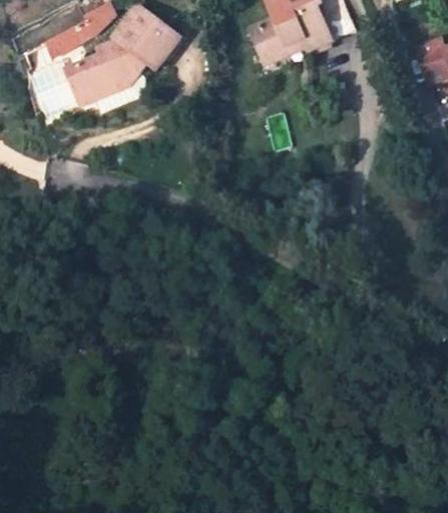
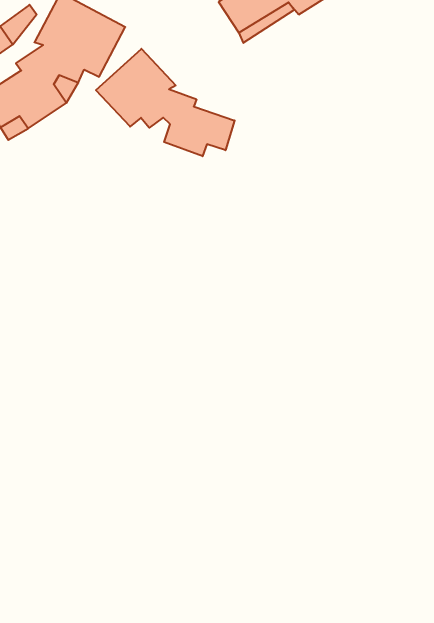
building: none -> [96,49,235,156]

